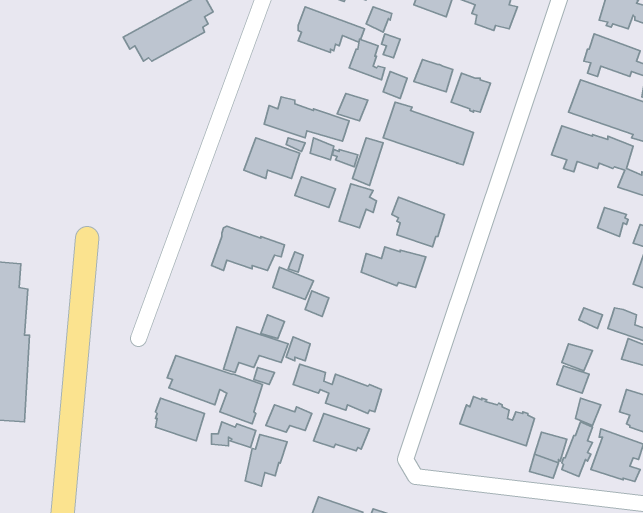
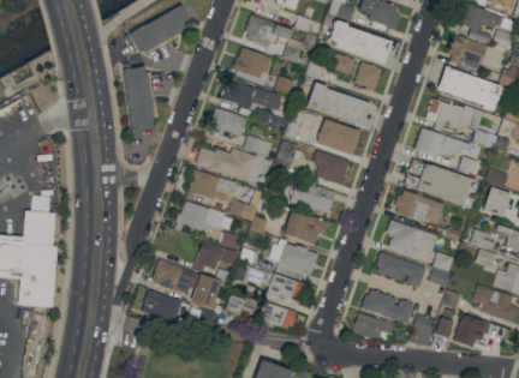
building: none -> [324,19,392,65]
building: none -> [233,47,272,78]
building: none -> [121,67,154,139]
building: none -> [317,119,360,155]
building: none -> [416,127,472,157]
building: none -> [196,146,273,185]
building: none -> [404,160,472,205]
building: none -> [394,190,445,223]
building: none -> [174,200,231,230]
building: none -> [281,211,328,245]
building: none -> [387,220,437,256]
building: none -> [268,242,318,272]
building: none -> [376,252,426,287]
building: none -> [353,313,394,341]
building: [245,434,287,486] -> none

